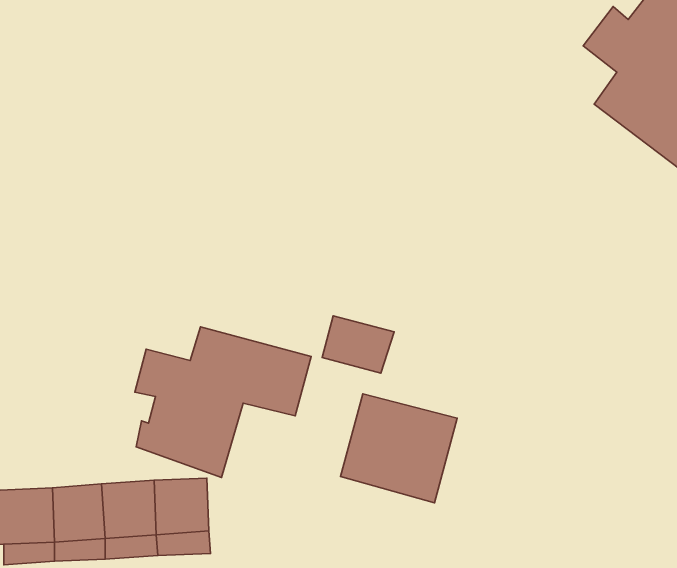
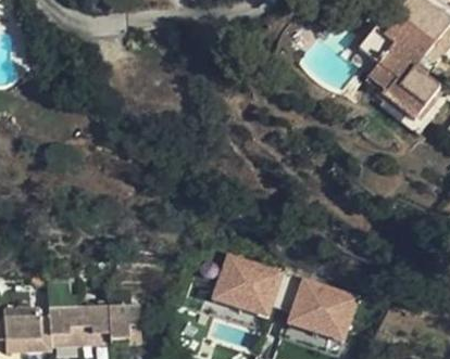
building: [322,316,394,373] -> none
building: [135,327,311,477] -> none
building: none -> [290,272,358,335]

